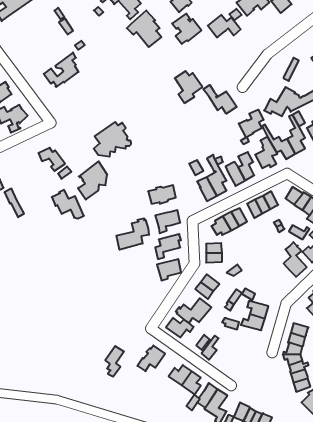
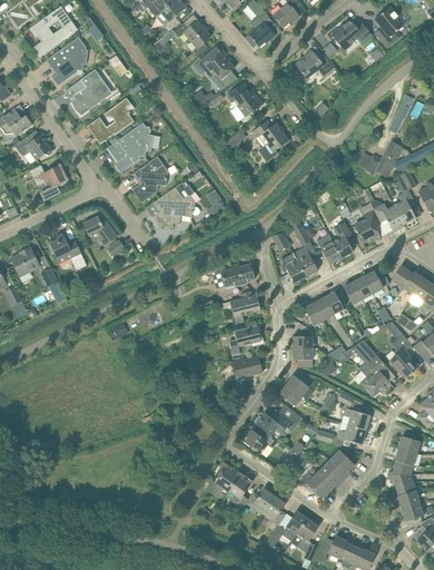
building: none -> [50,37,88,86]
building: [172,14,201,44] -> [226,82,263,120]
building: none -> [71,69,112,115]
building: none -> [107,121,154,171]
building: [203,85,237,114] -> none
building: [239,110,264,137] -> none
building: [78,161,107,200] -> [131,155,168,203]
building: [52,190,84,218] -> [47,233,87,268]
building: [116,218,149,250] -> none
building: none -> [352,340,392,396]
building: none -> [300,450,355,498]
building: [105,346,124,376] -> [229,473,253,511]

